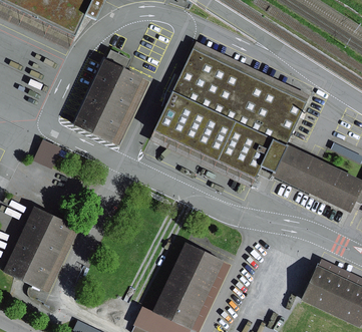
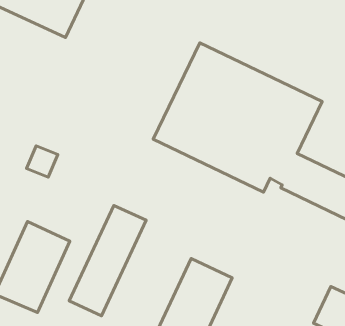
building: [73,58,143,143] -> none
building: none -> [69,205,146,316]

